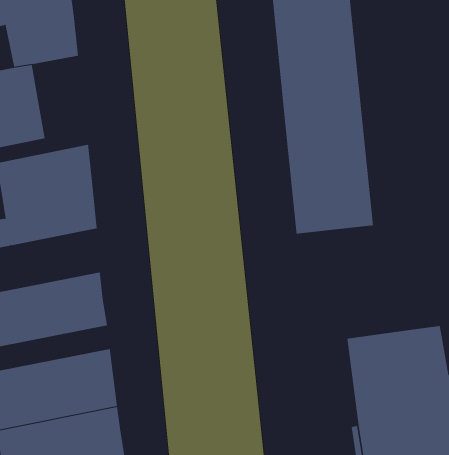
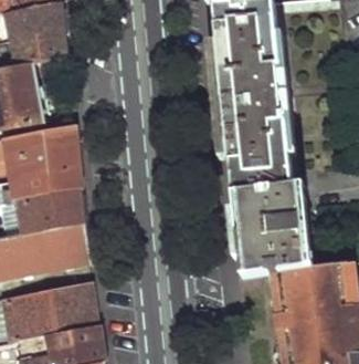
building: none -> [234,185,313,275]
building: none -> [17,188,85,233]

